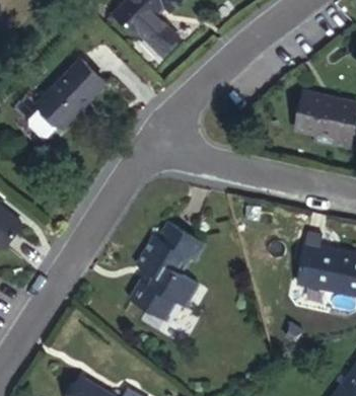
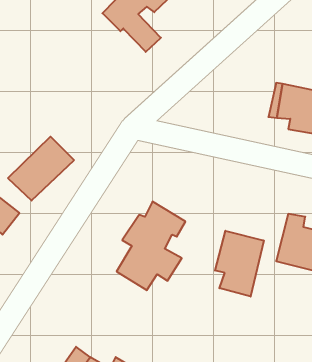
building: [35,65,106,134] -> [8,137,74,201]
building: none -> [215,231,264,297]

